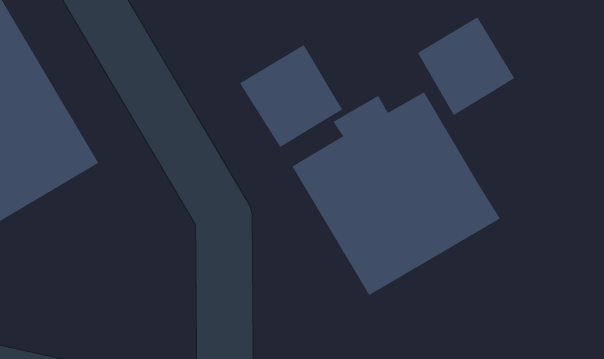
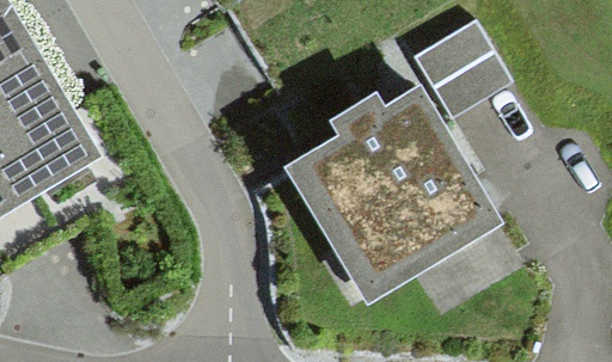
building: [239,44,343,148] -> none

